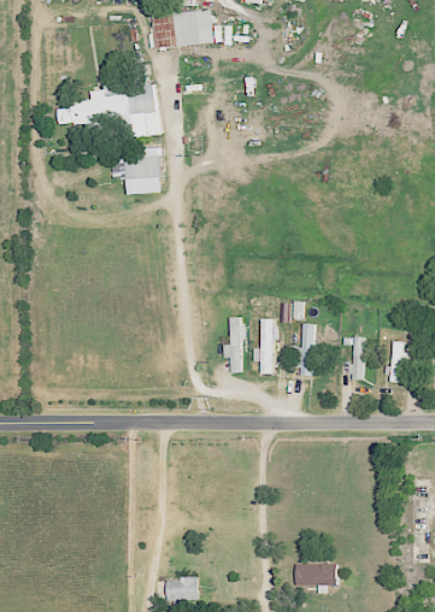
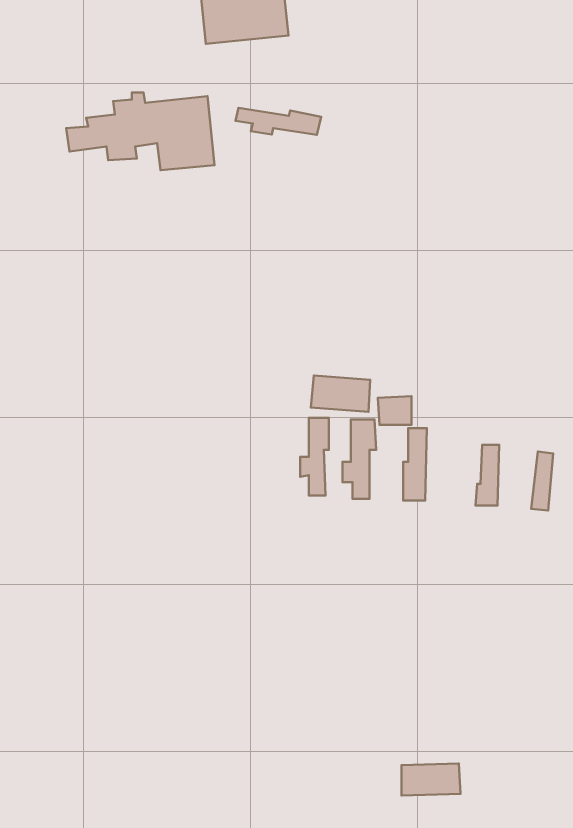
building: none -> [235,108,321,135]
building: [127,148,164,194] -> none
building: none -> [311,376,370,412]
building: [171,577,199,599] -> none

